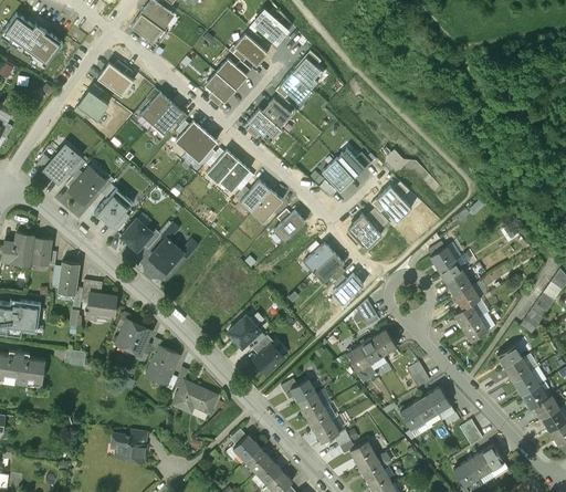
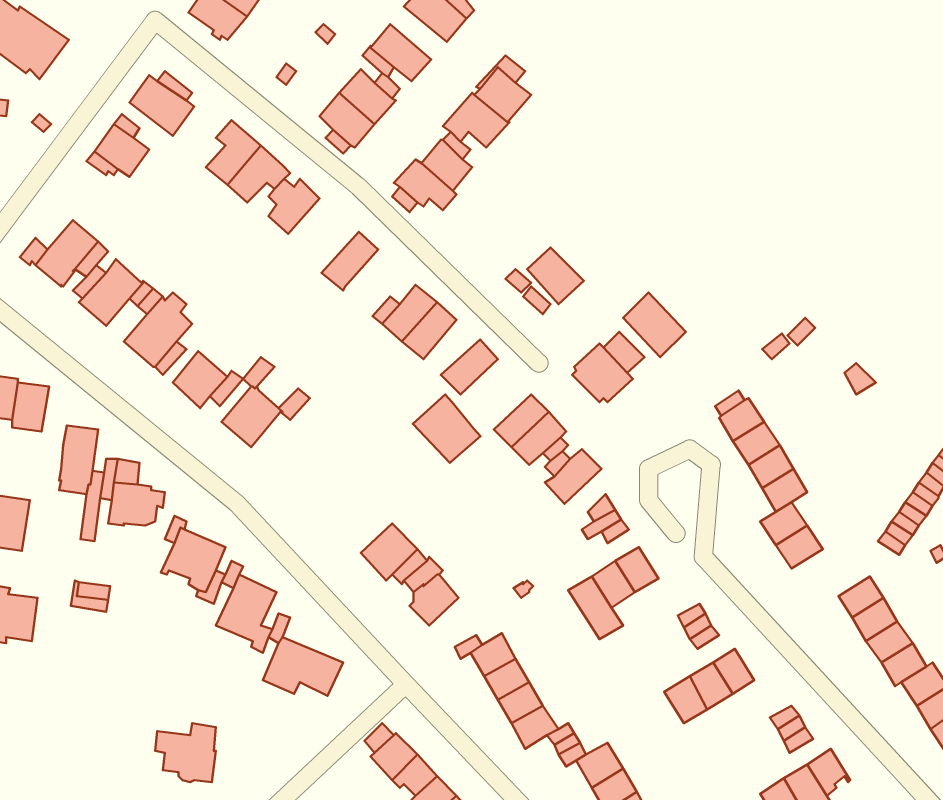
building: [187,133,217,167] -> none
building: [335,150,370,179] -> none
building: [219,161,250,193] -> none
building: none -> [413,395,480,463]

